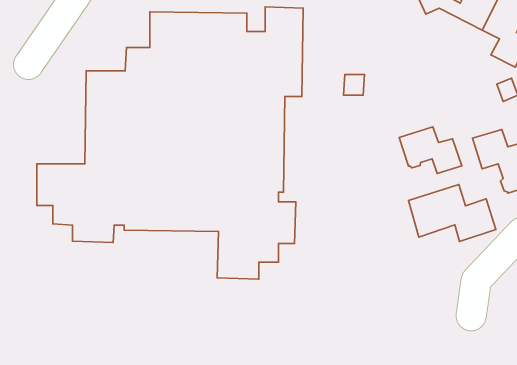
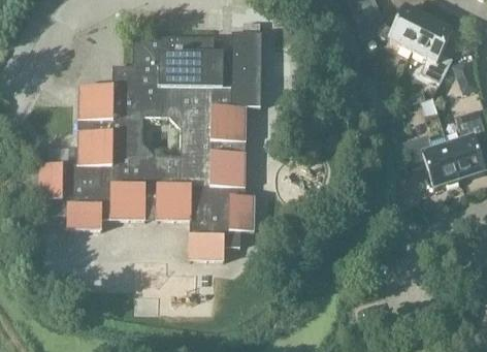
building: [399,127,462,174] -> none
building: [408,184,496,242] -> none

